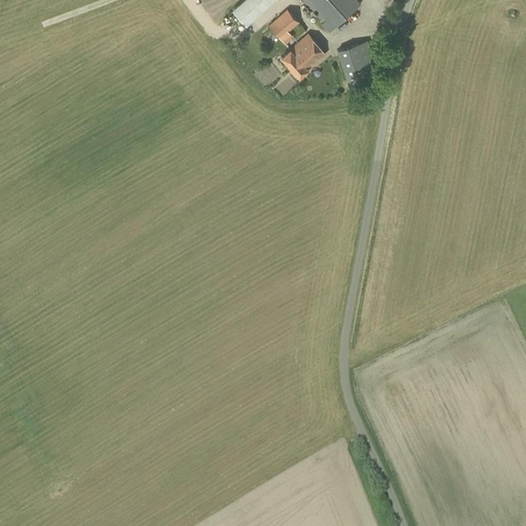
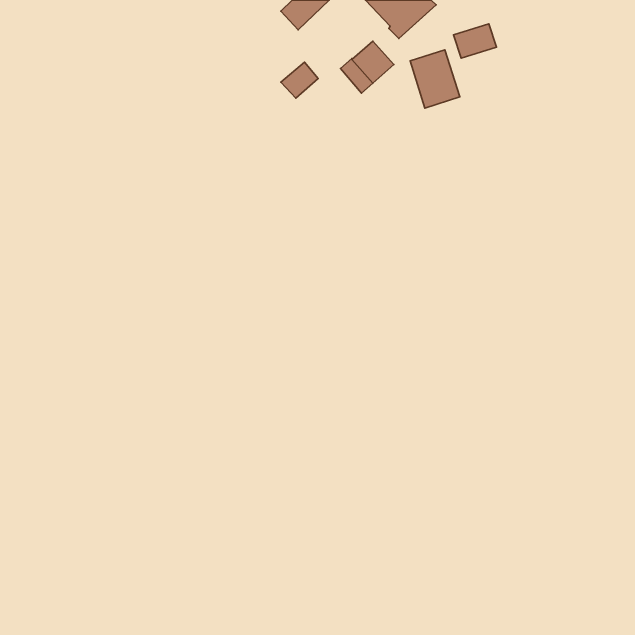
building: [268,8,299,38] -> [281,62,318,98]
building: none -> [454,24,496,58]

